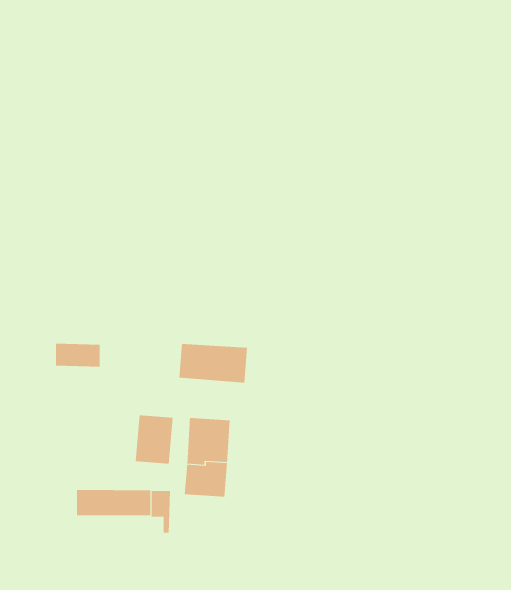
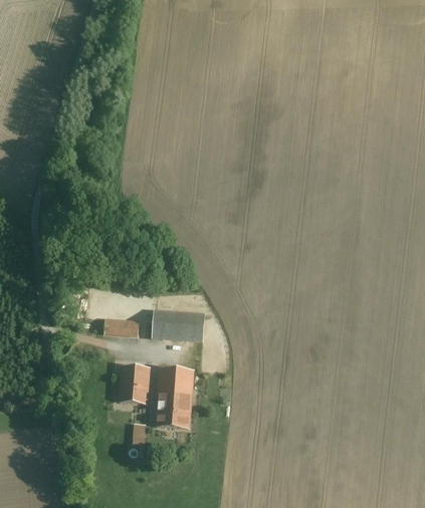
building: [55,343,100,367] -> [102,317,137,335]
building: [77,489,151,516] -> none

